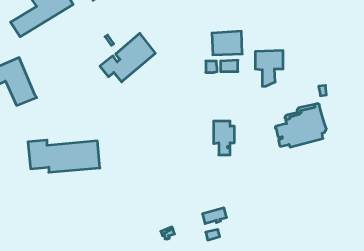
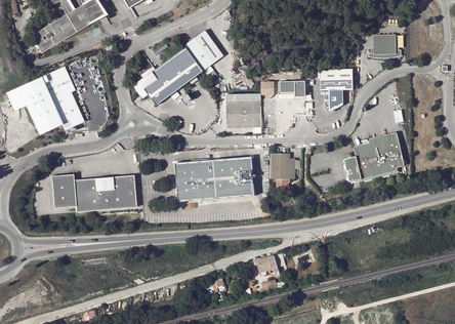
building: none -> [181,30,222,71]
building: none -> [369,34,404,56]
building: [212,31,242,55] -> [226,98,262,126]
building: none -> [41,66,83,128]
building: none -> [174,156,254,201]

